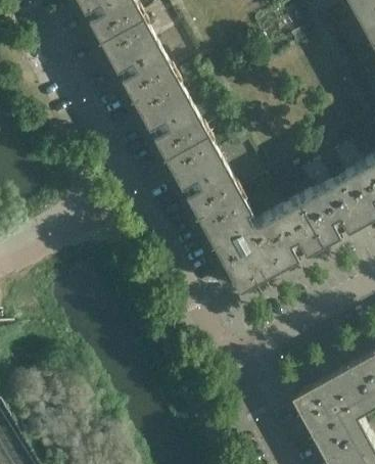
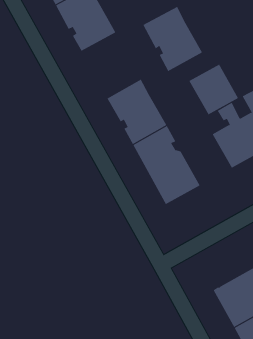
building: [130,75,205,157] -> [143,6,203,72]
building: [255,202,319,267] -> [189,64,239,115]

